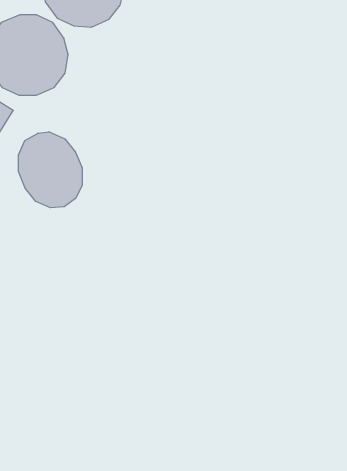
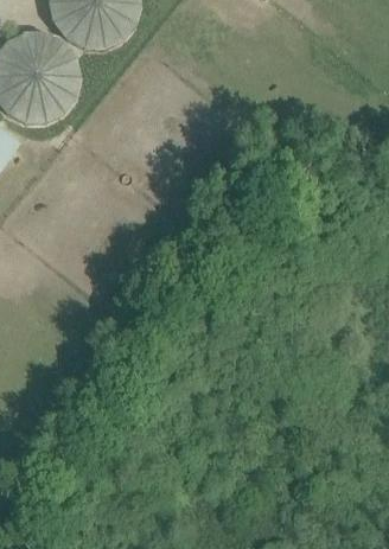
building: [18,132,82,208] -> none

